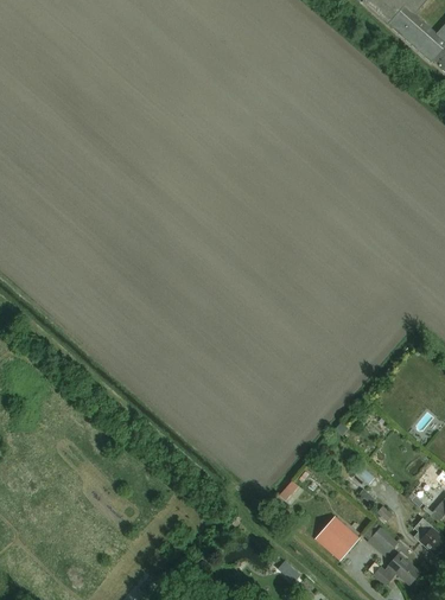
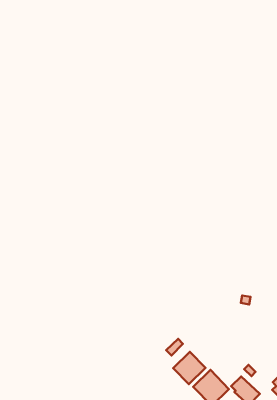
building: none -> [173,352,206,384]

